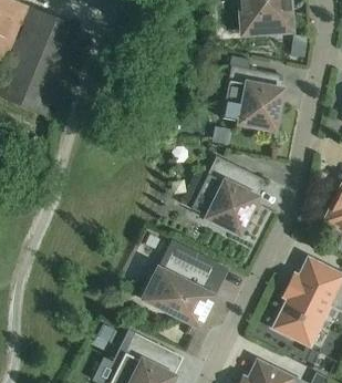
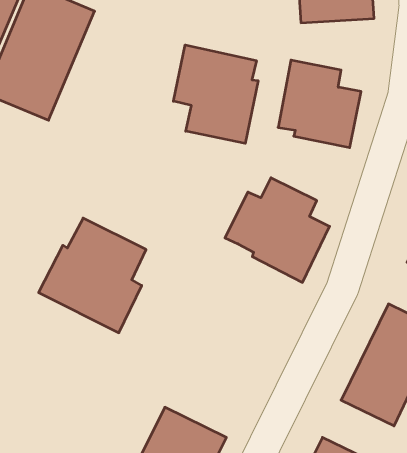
building: none -> [173,45,258,143]
building: [138,241,221,330] -> [39,218,146,333]

